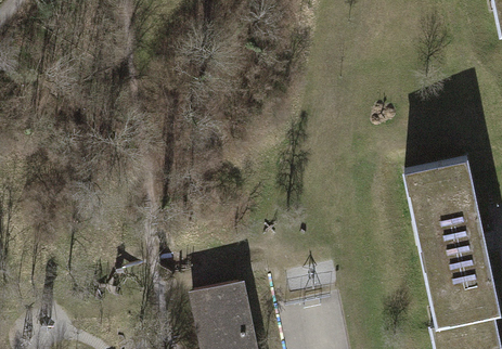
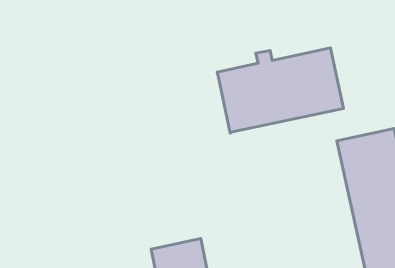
building: none -> [217,48,344,133]

